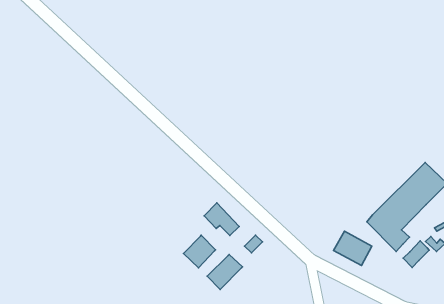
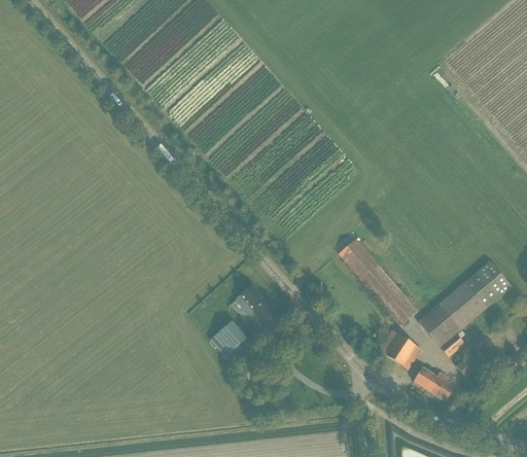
building: none -> [338,238,418,325]
building: [207,254,243,290] -> none
building: none -> [413,366,454,401]

